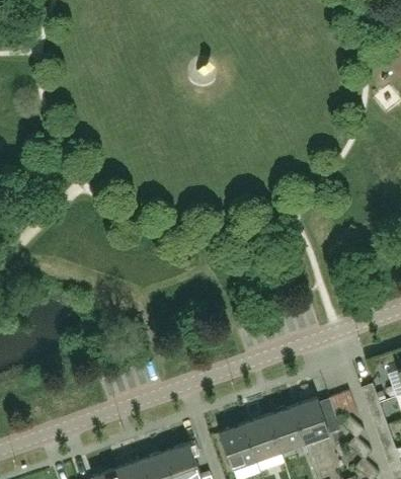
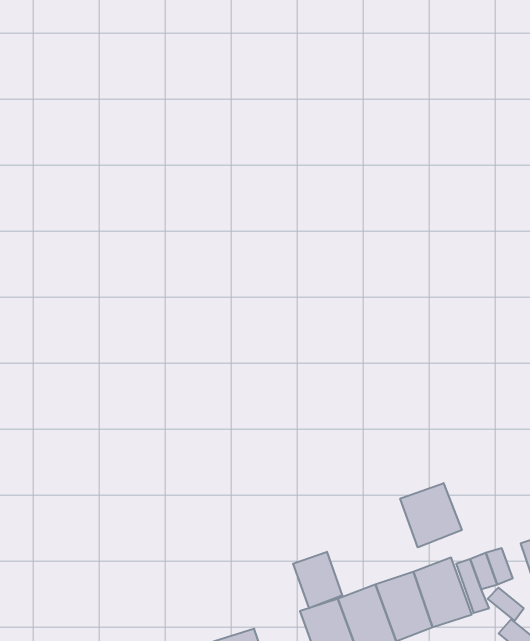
building: none -> [400,483,462,547]
building: none -> [293,552,342,608]

